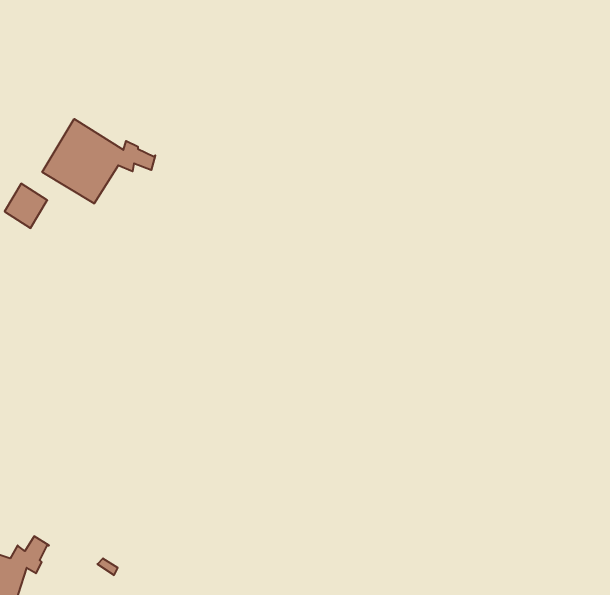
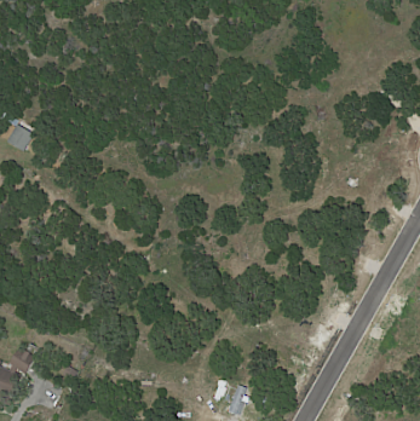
building: [42,119,155,204] -> none

